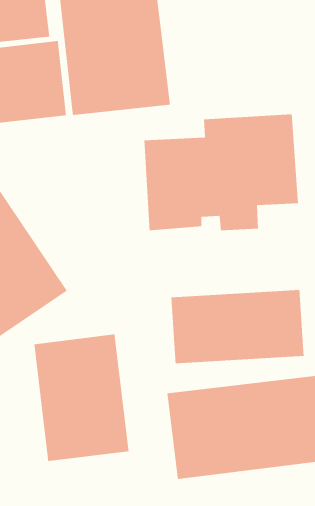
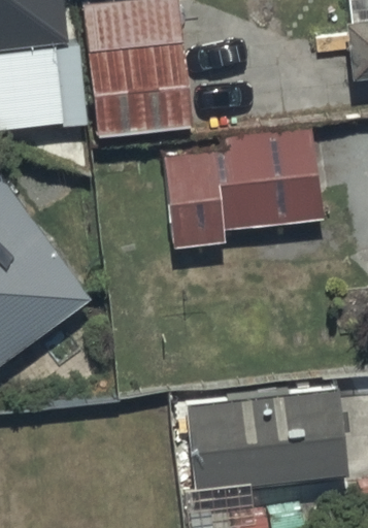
building: [170,289,304,364] -> none
building: [33,334,129,462] -> none

